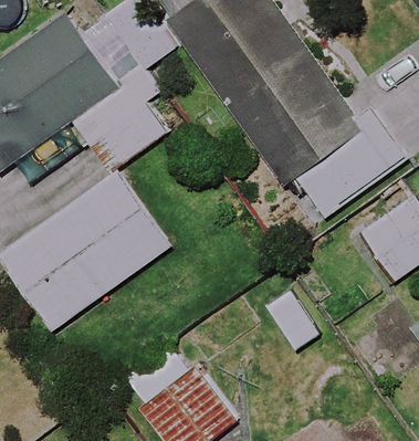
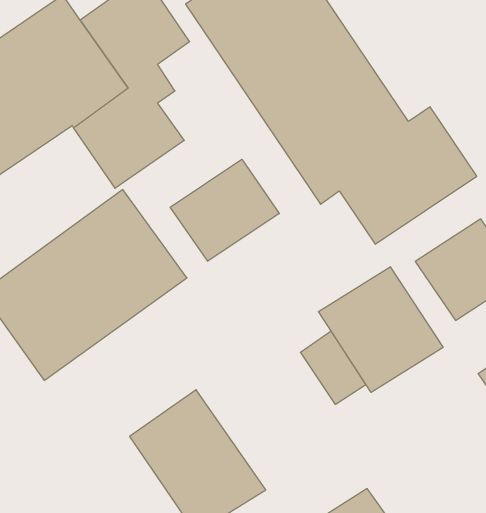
building: none -> [170,159,279,261]
building: none -> [318,267,443,392]

